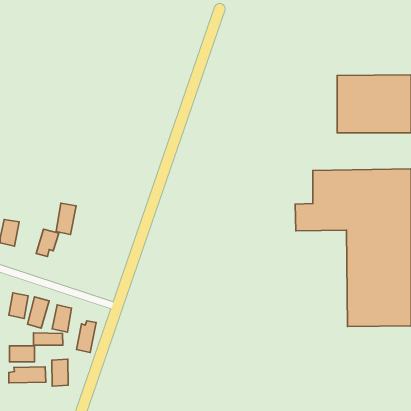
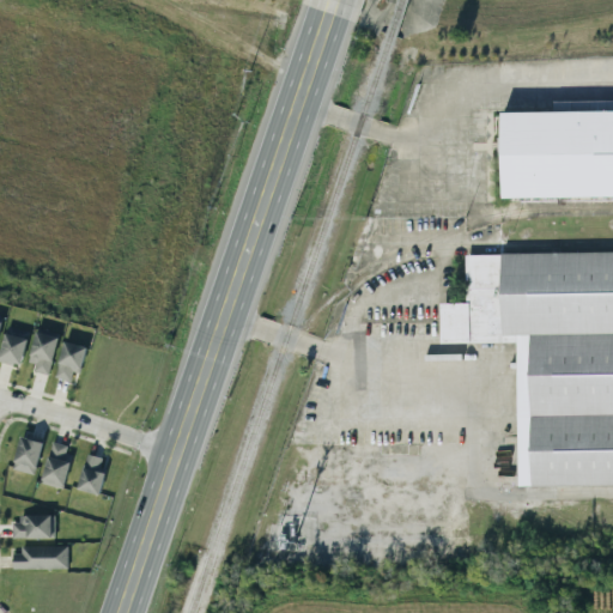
building: [56,203,76,235] -> [29,329,59,376]
building: [76,321,96,353] -> none
building: [33,333,63,345] -> none
building: [52,359,68,386] -> none

